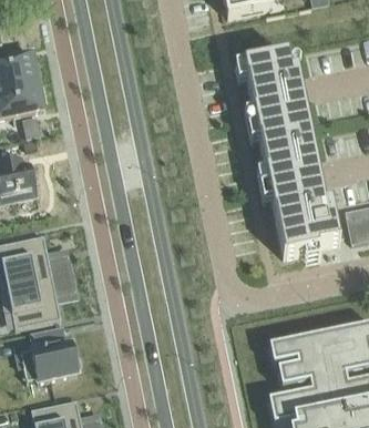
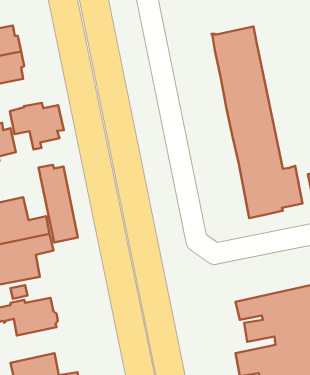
building: none -> [10,103,64,150]
building: none -> [38,165,78,242]

